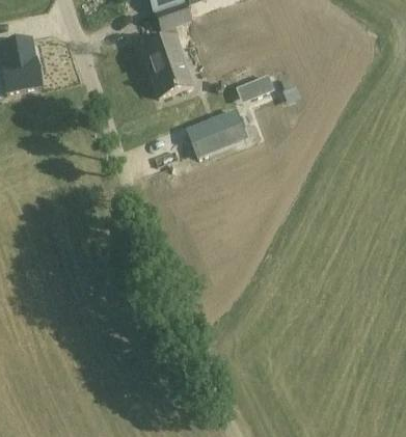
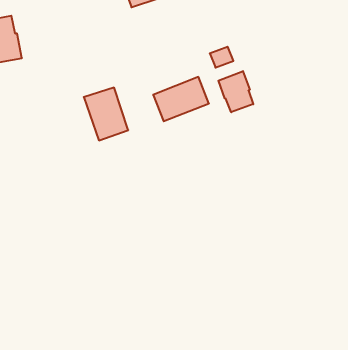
building: [143,36,192,94] -> [84,88,128,140]
building: none -> [218,71,253,112]

